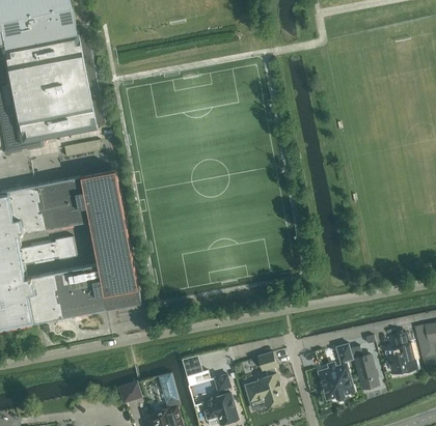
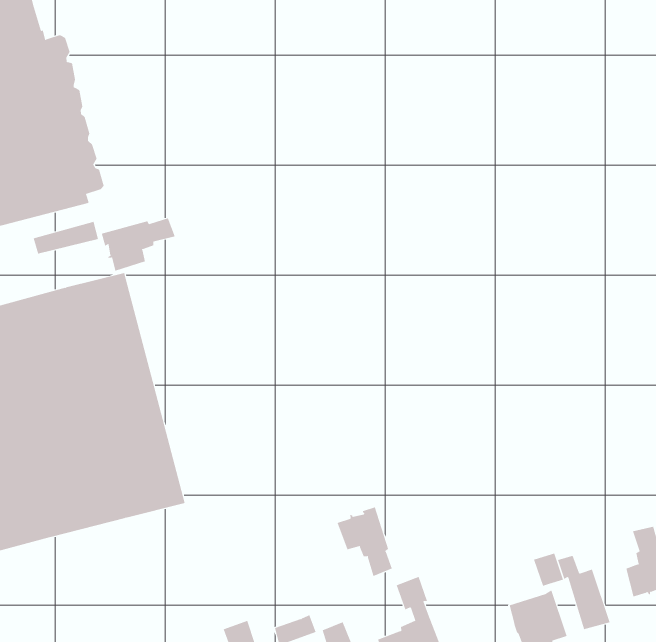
building: none -> [101,218,175,272]
building: none -> [337,506,393,577]

